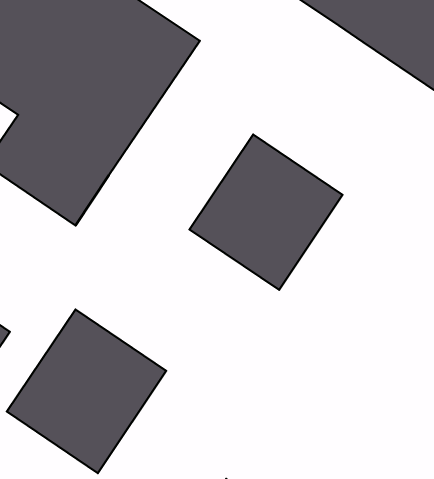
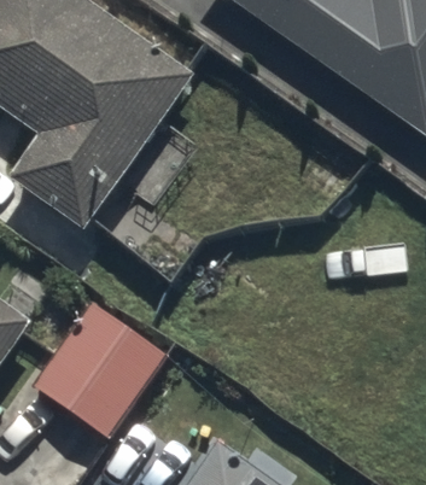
building: [190,135,343,290] -> none

